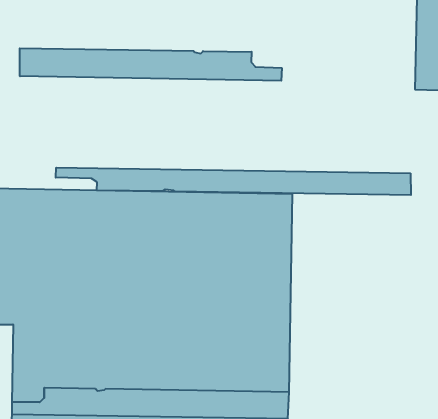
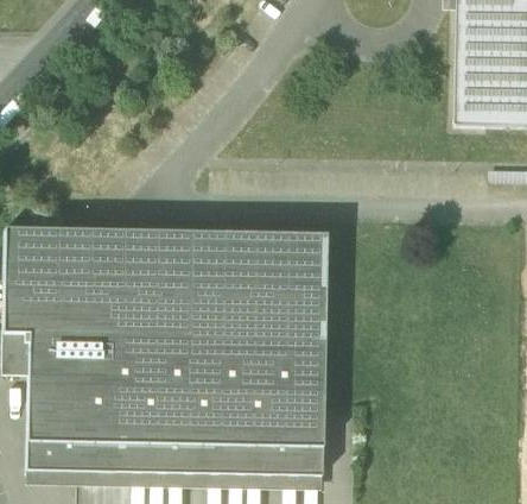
building: [20,48,282,81] -> none
building: [56,168,411,195] -> none

